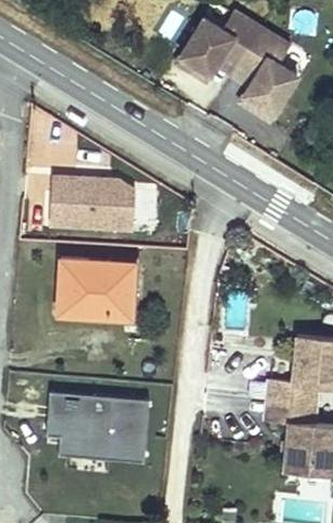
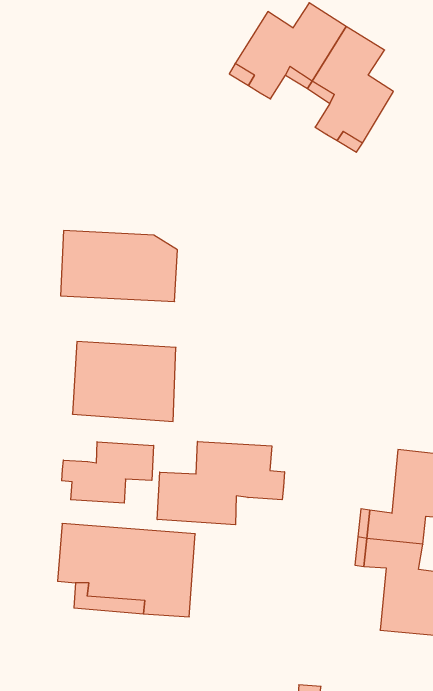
building: none -> [157,441,284,525]
building: none -> [62,442,154,503]

